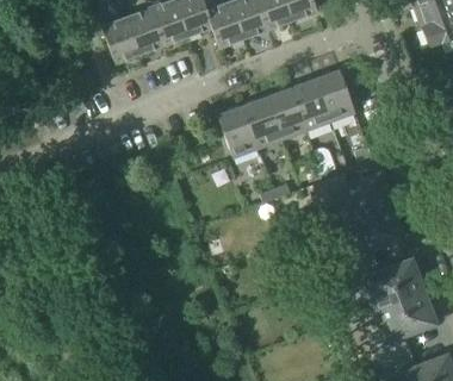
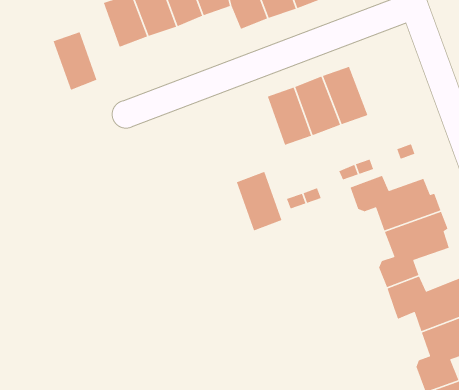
building: none -> [52,31,97,91]
building: [316,68,358,120] -> none
building: [219,104,260,156] -> [236,171,283,232]

